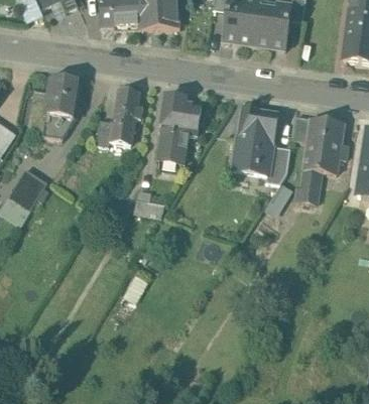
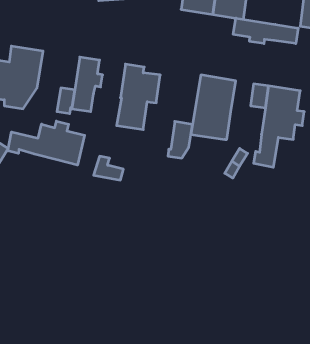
building: none -> [233,18,298,44]
building: [265,143,290,180] -> [168,121,193,158]
building: none -> [8,121,85,165]

